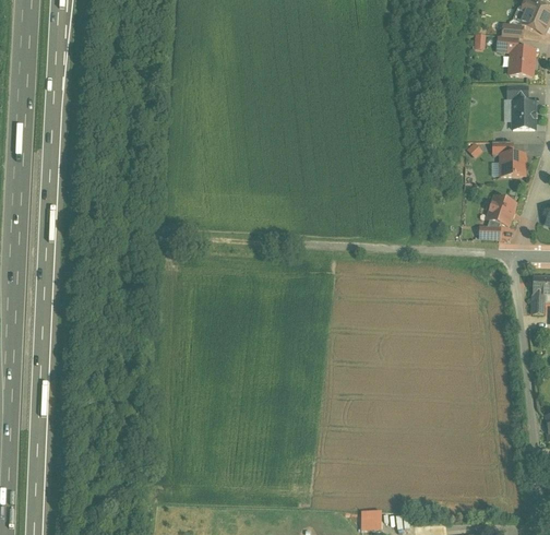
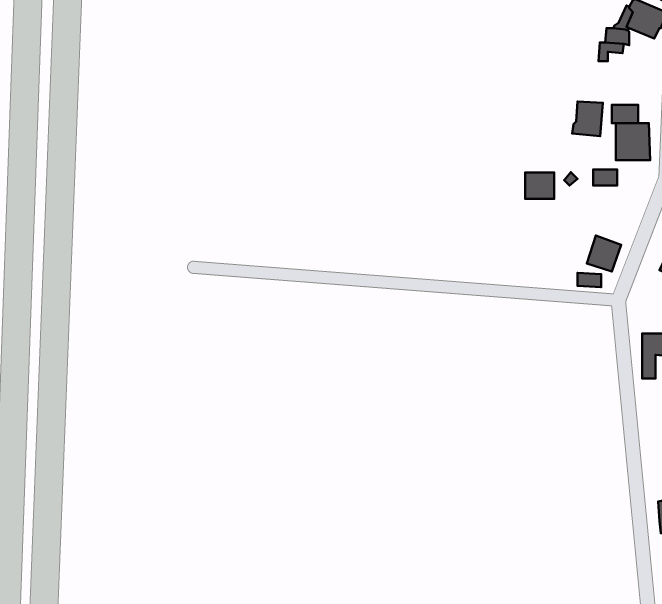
building: [509,49,534,78] -> [572,102,603,136]
building: [500,155,524,177] -> [525,172,554,199]

